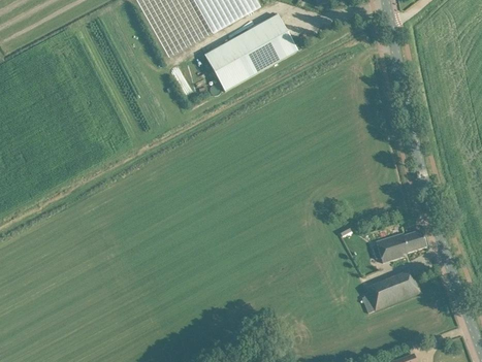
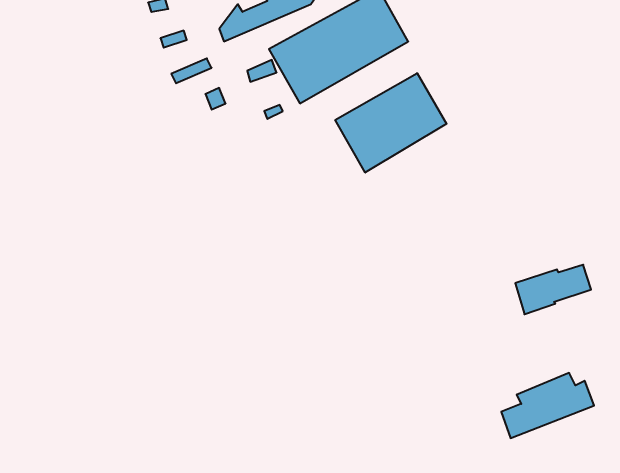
building: none -> [335,73,447,173]
building: [376,229,426,262] -> [515,265,591,314]

